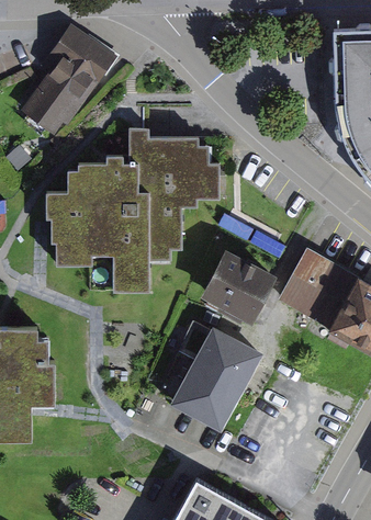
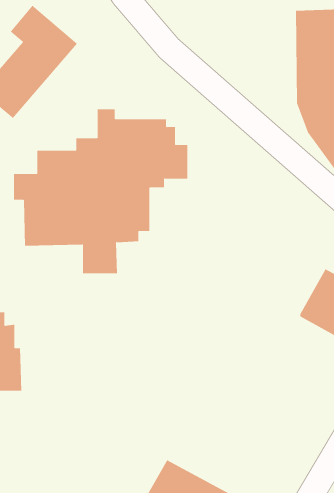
building: [198,251,272,324] -> none
building: [278,253,358,329] -> none
building: [171,331,255,428] -> none

